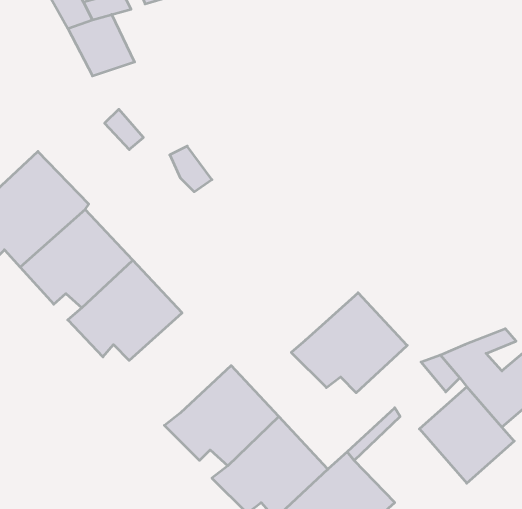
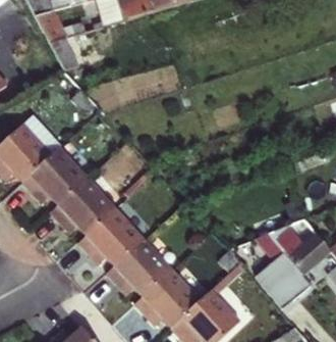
building: [291,293,407,393] -> [77,208,145,266]

